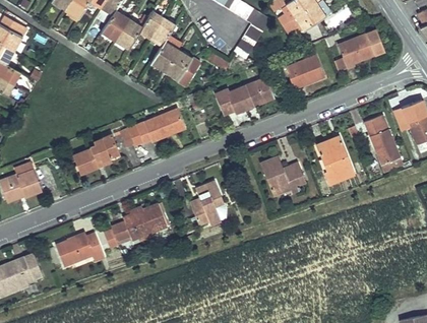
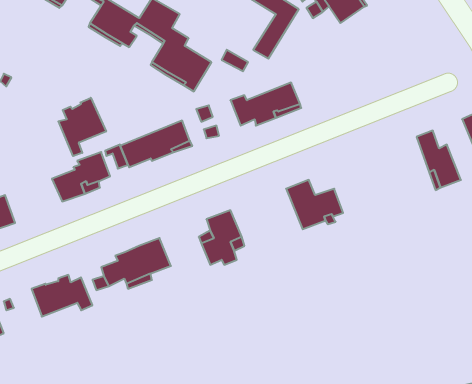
building: [337,29,385,69] -> none
building: [284,54,324,90] -> none
building: none -> [58,98,106,156]
building: [316,135,354,183] -> none

